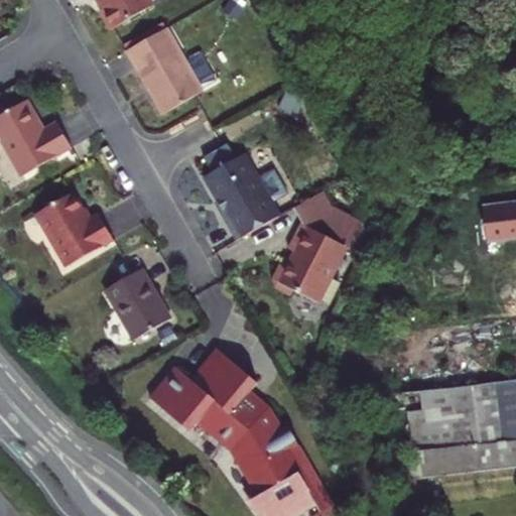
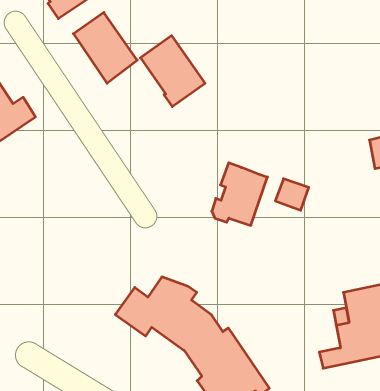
building: [205,153,281,240] -> [140,36,205,107]
building: [34,191,112,266] -> none
building: [317,202,360,242] -> [275,179,309,210]
building: [106,267,170,339] -> none

